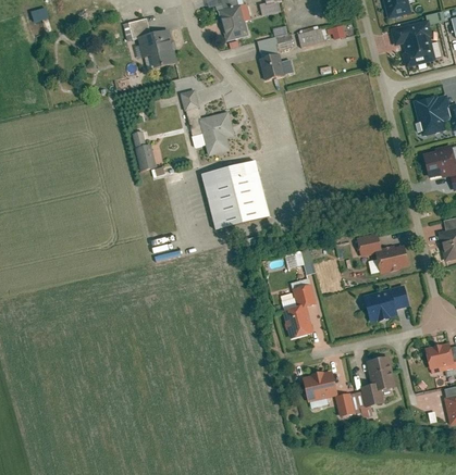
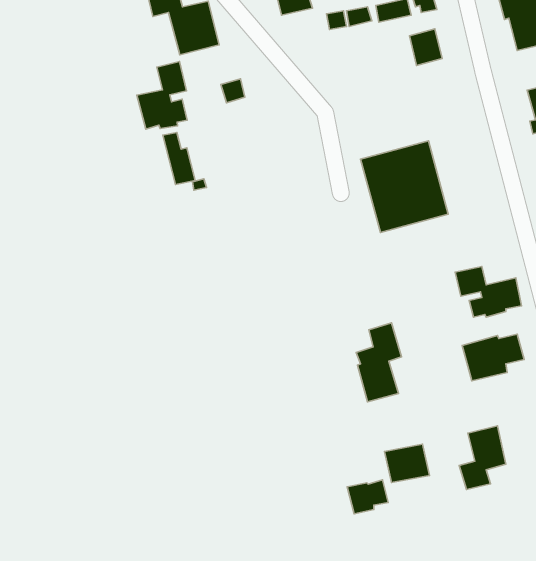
building: [258,52,283,80] -> [410,29,442,66]
building: none -> [137,62,187,129]
building: [199,110,236,154] -> none
building: [204,159,271,229] -> [361,141,448,233]
building: [335,390,367,416] -> [347,480,388,514]

